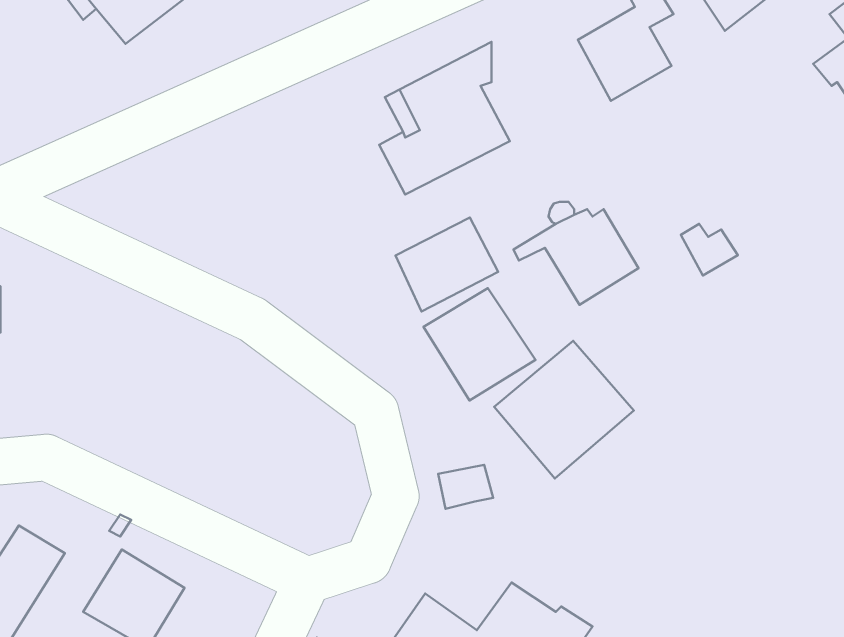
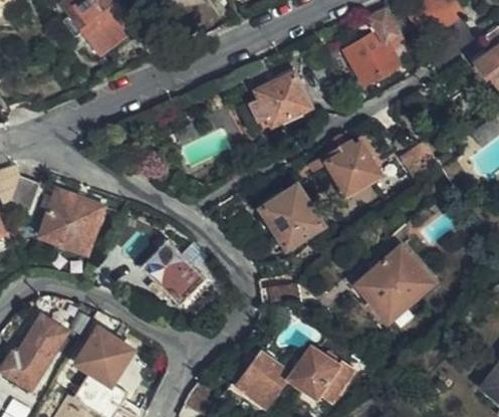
building: [396,217,498,312] -> none
building: none -> [40,189,103,252]
building: [494,341,634,479] -> [357,246,434,322]
building: none -> [142,239,205,303]

